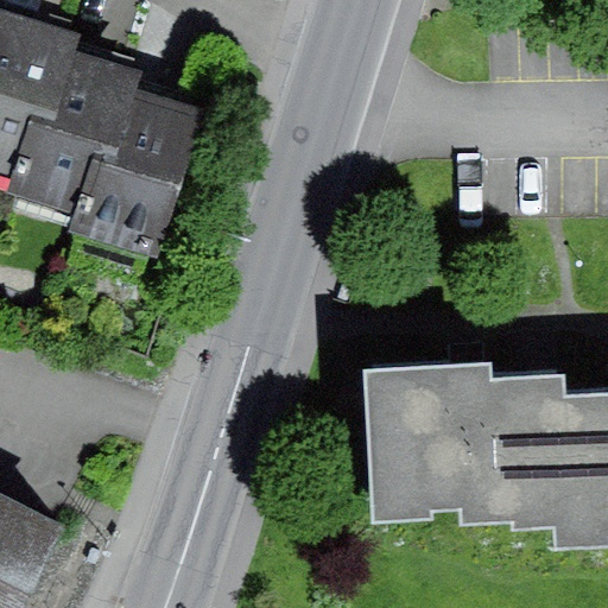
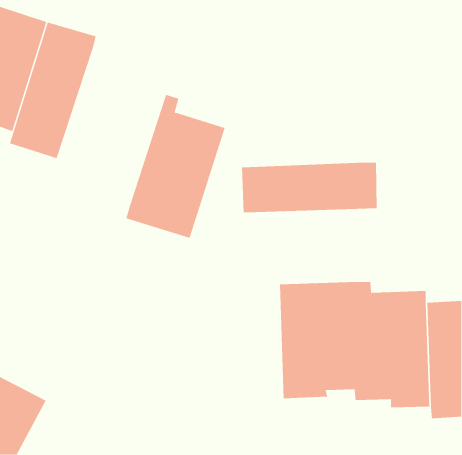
building: [70,62,201,251] -> [125,94,225,239]
building: none -> [241,162,377,213]

